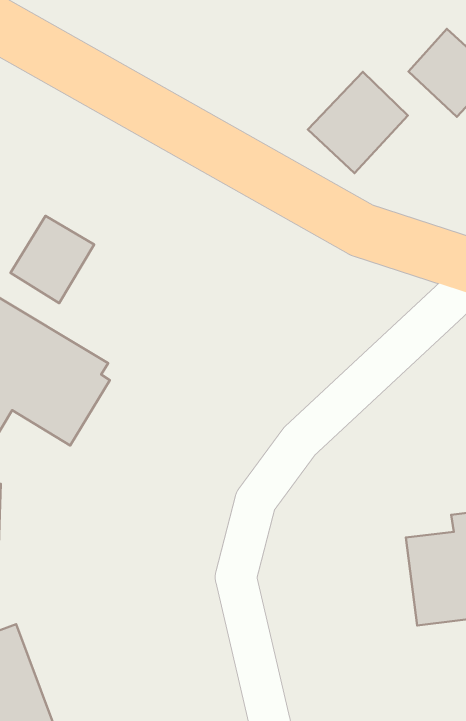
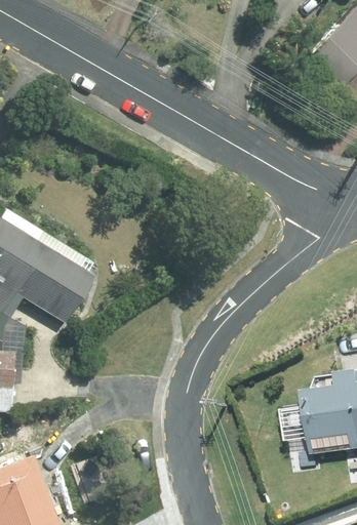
building: [308,72,408,173] -> none
building: [10,216,94,303] -> none

